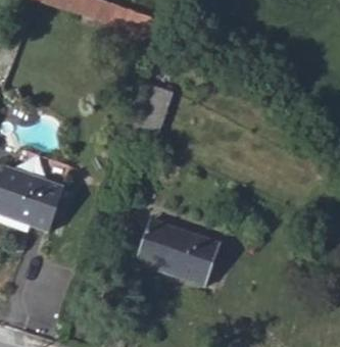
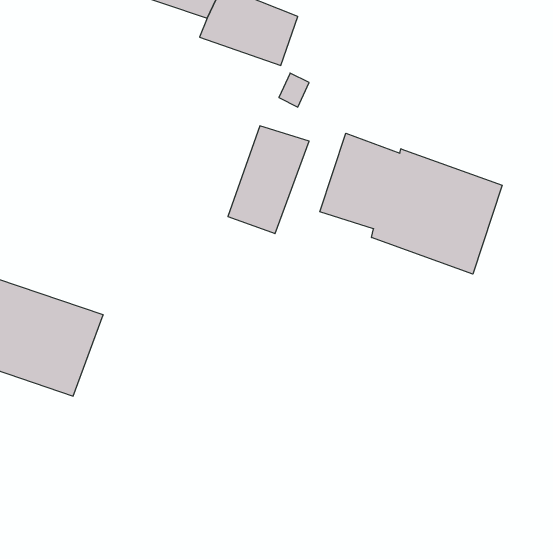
building: none -> [320,133,502,274]
building: [137,219,220,285] -> none

